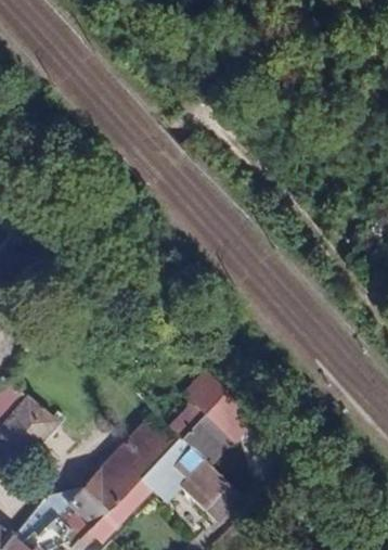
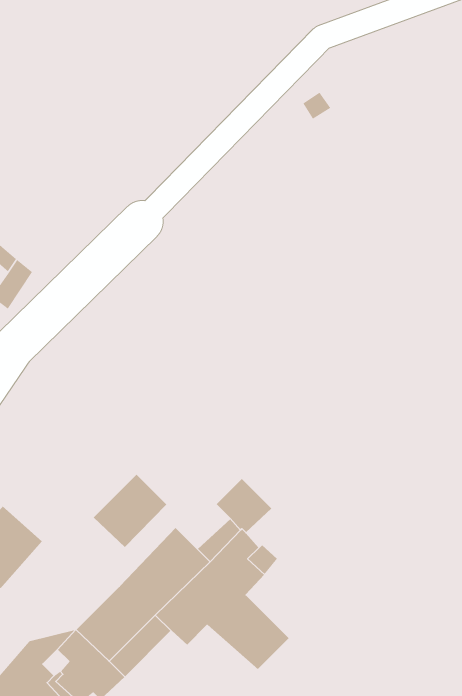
building: none -> [93,474,167,548]

